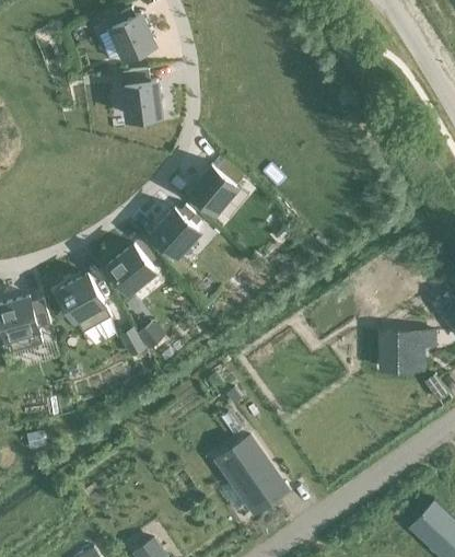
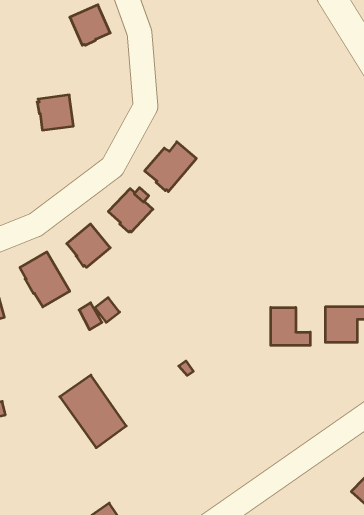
building: [124,82,162,119] -> [37,95,73,130]
building: none -> [271,307,310,345]
building: [218,438,288,514] -> [60,375,126,448]

